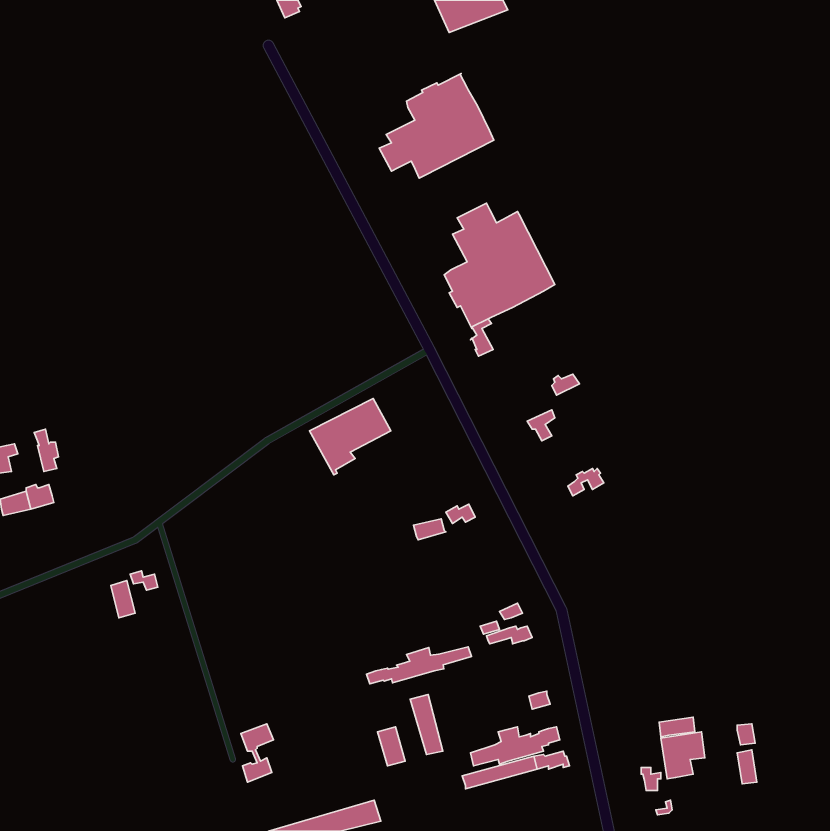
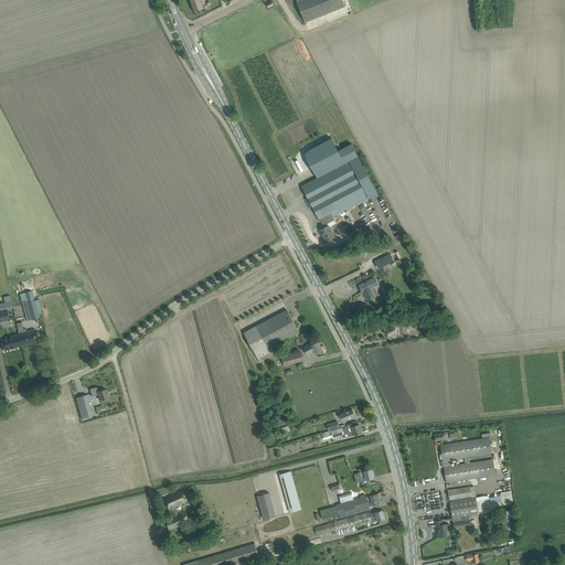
building: [379,73,494,178] -> none
building: [310,398,391,475] -> [243,310,298,362]
building: none -> [439,437,494,482]
building: [367,647,471,684] -> none

